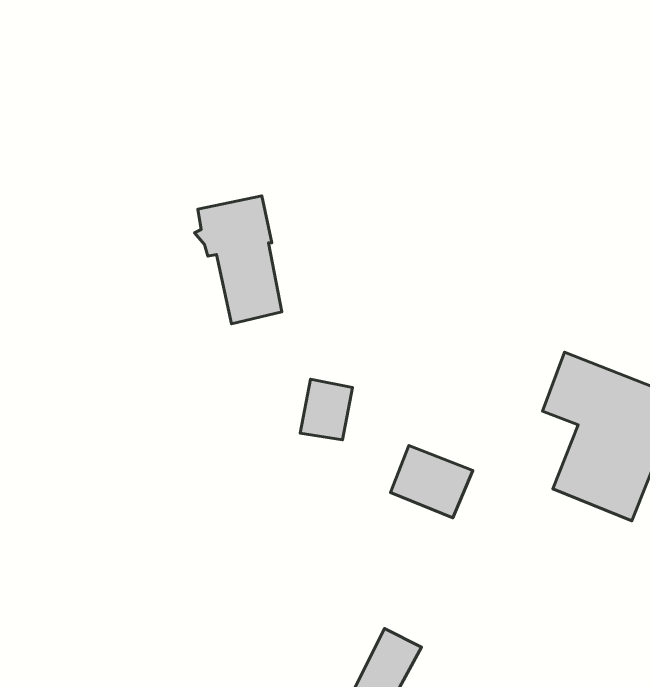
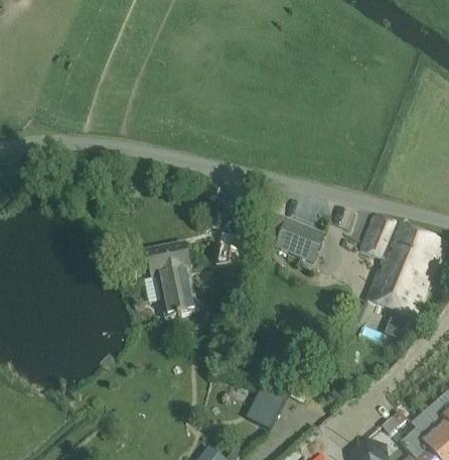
building: [194,196,282,324] -> [144,240,196,317]
building: [390,445,473,518] -> [275,218,324,261]

